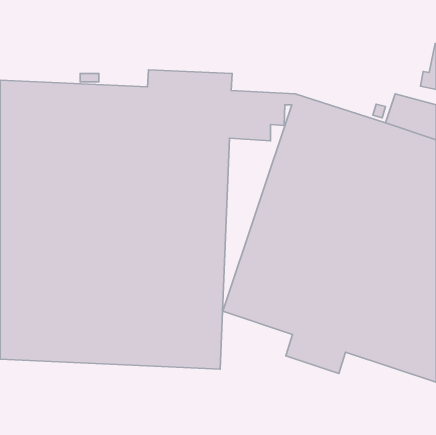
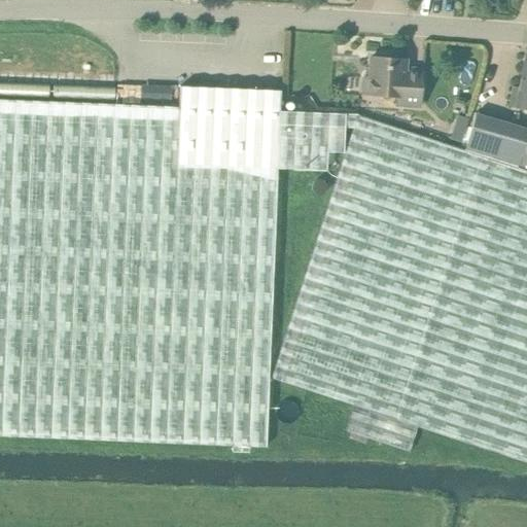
building: none -> [367,57,421,106]

